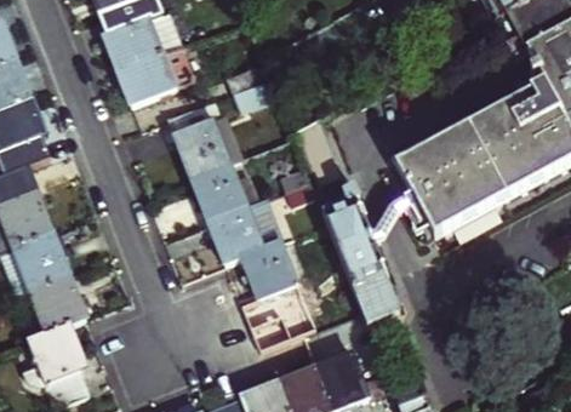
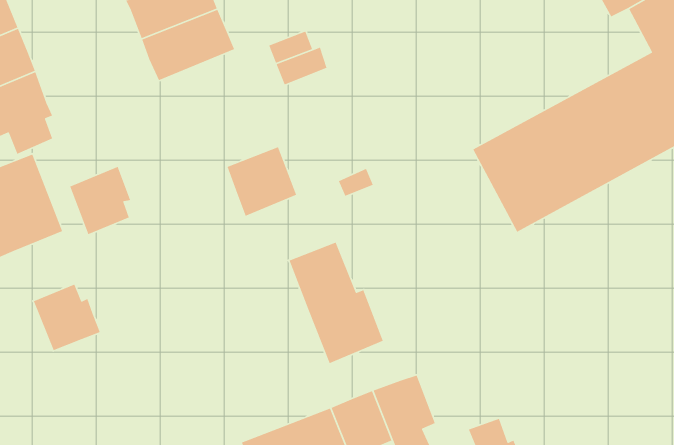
building: [166,99,234,177] -> none
building: [318,184,395,326] -> none
building: [206,201,267,263] -> none
building: [12,231,64,290] -> [69,166,131,235]
building: [30,322,86,405] -> none

